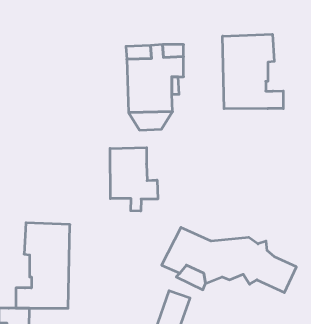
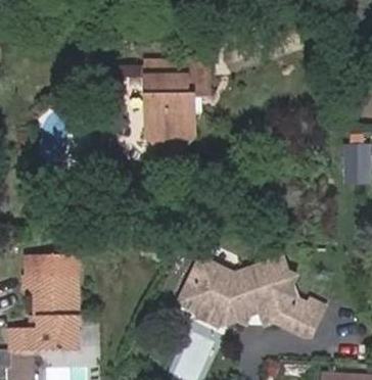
building: [223,34,283,109] -> none
building: [110,148,158,211] -> none

